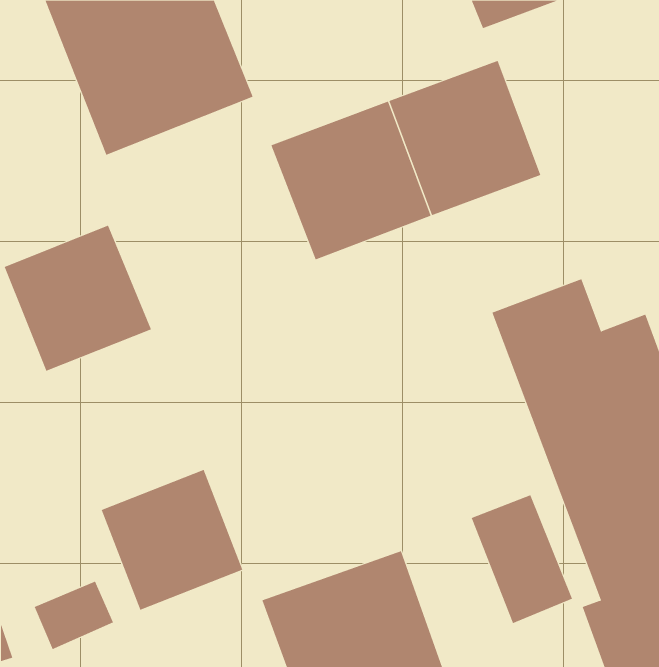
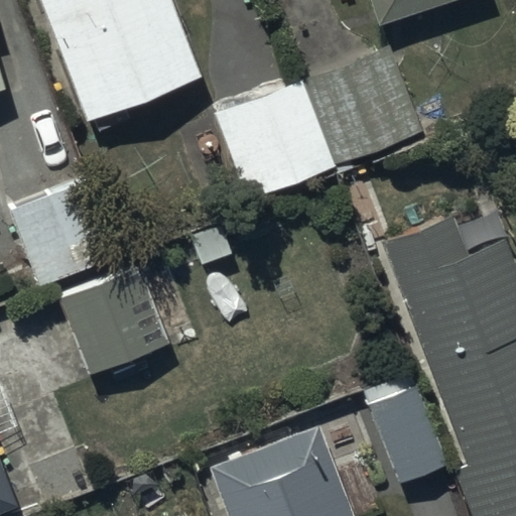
building: [101,469,243,610] -> [60,267,170,376]

